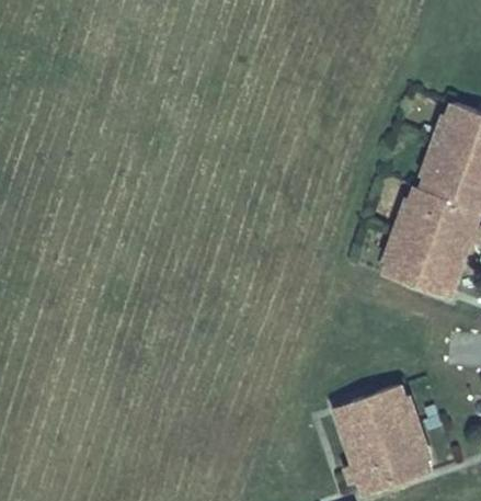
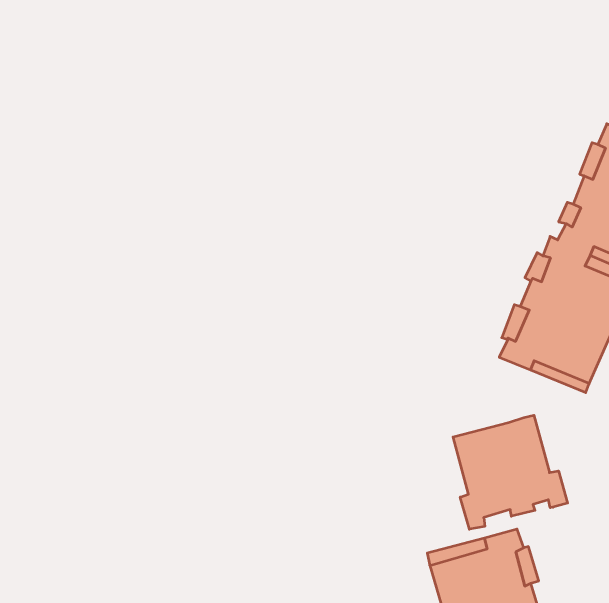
building: none -> [453,415,568,529]

